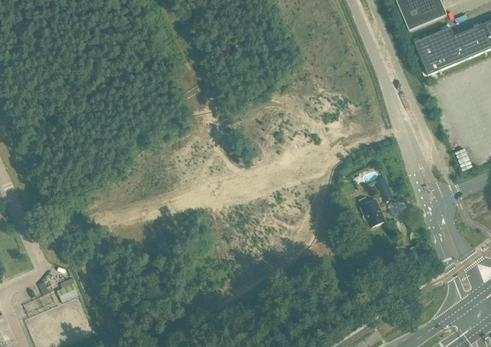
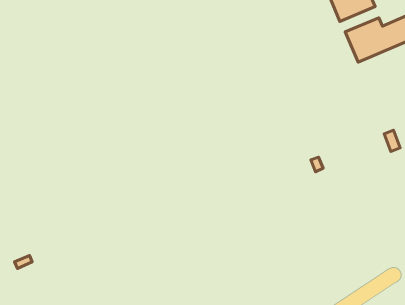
building: [359,195,385,225] -> none

